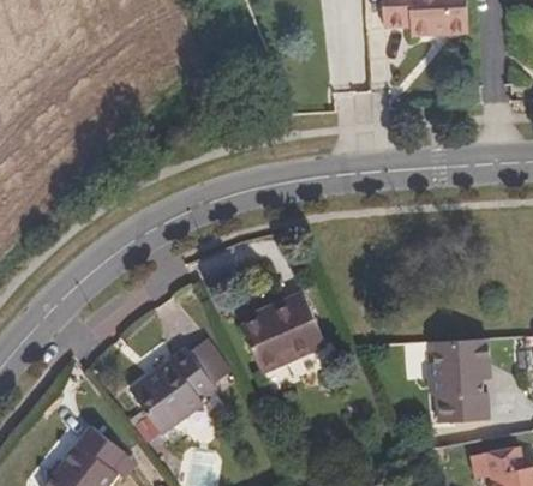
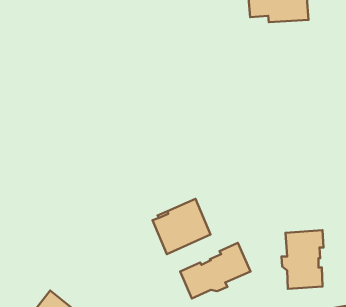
building: [130,348,215,433] -> none
building: none -> [180,243,250,298]

